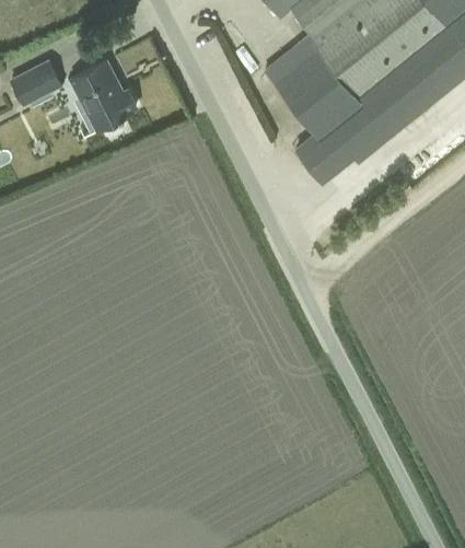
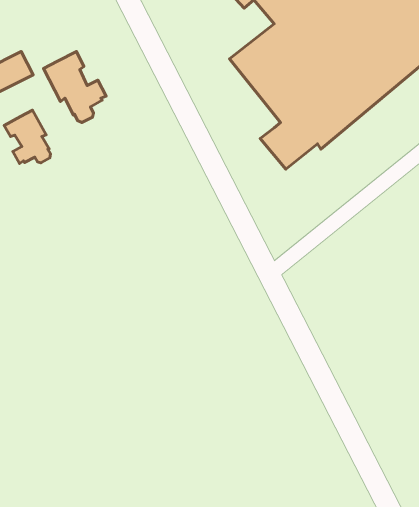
building: none -> [4,110,51,164]

